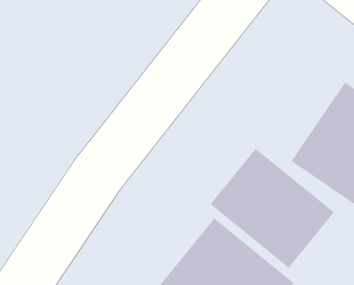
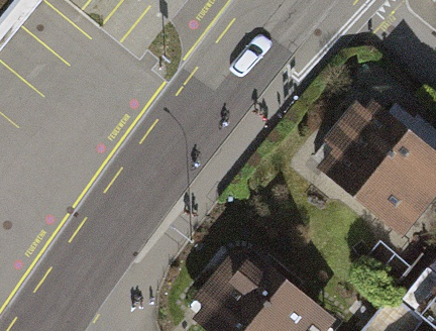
building: [210,148,335,269] -> none

